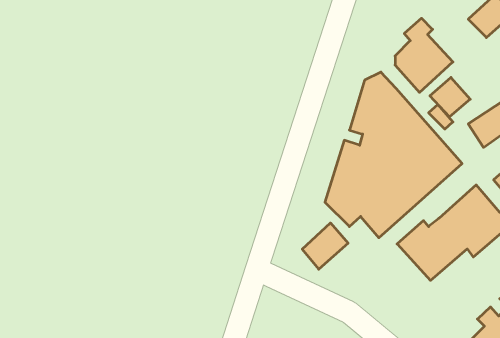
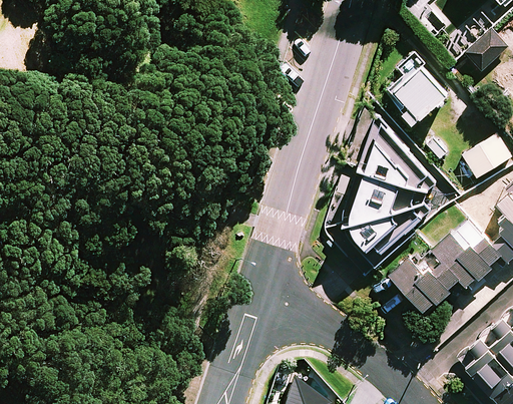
building: [430,77,470,117] -> none
building: [302,223,348,269] -> none

